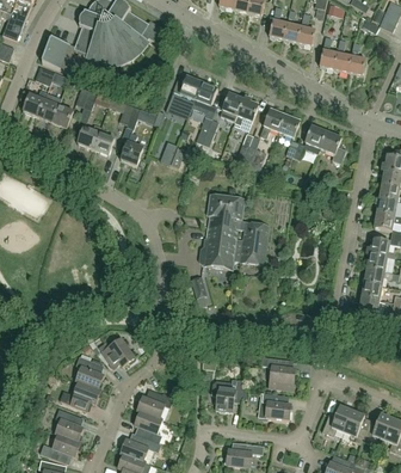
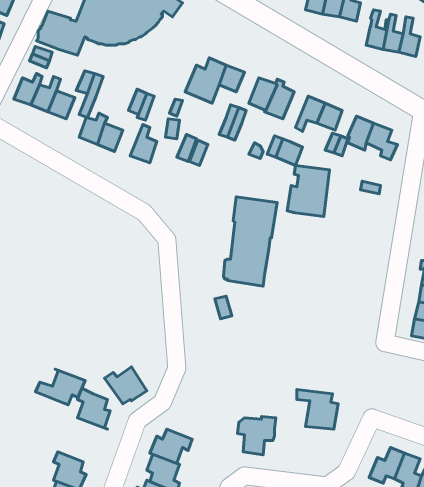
building: [234,221,270,264] -> [287,166,330,217]
building: [60,380,101,410] -> [35,369,85,405]
building: [261,392,291,418] -> none

